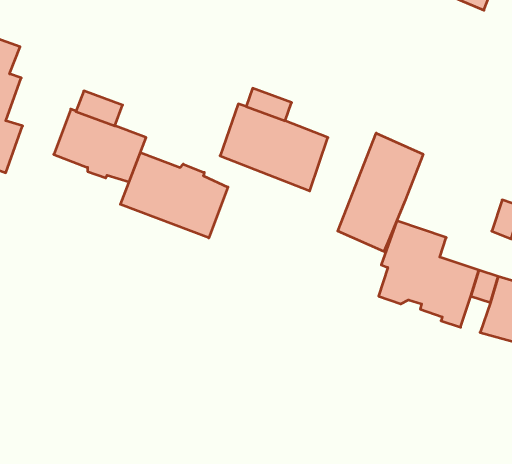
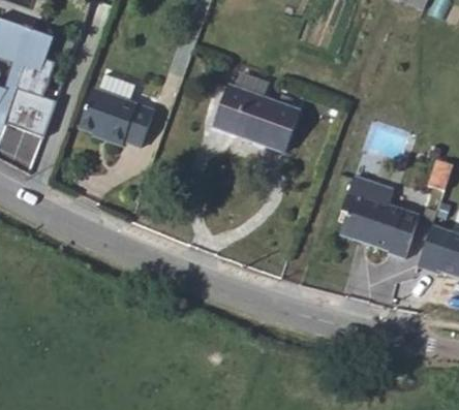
building: [338,133,423,251] -> none
building: [120,152,228,238] -> none

